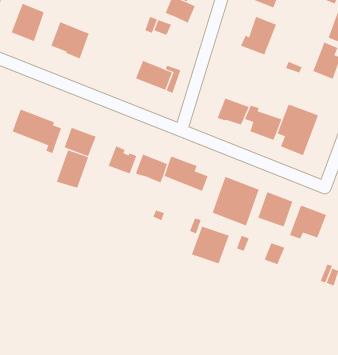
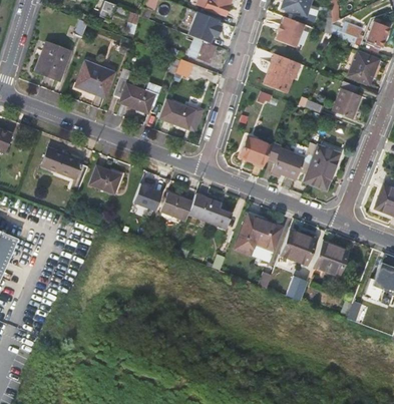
building: none -> [114,77,164,114]
building: [56,149,89,189] -> none
building: [191,226,229,264] -> none

